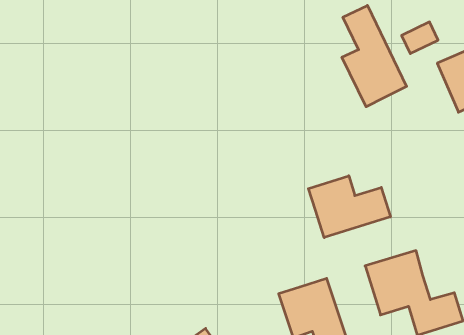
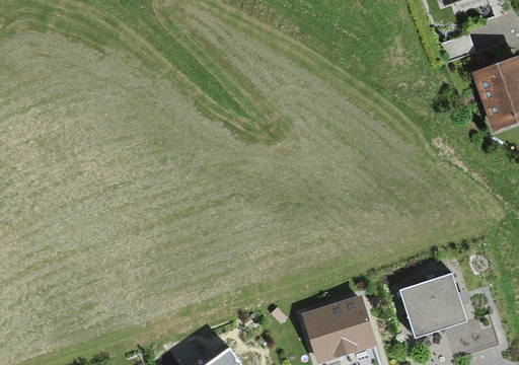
building: [342,5,407,107] -> none
building: [308,176,390,238] -> none

